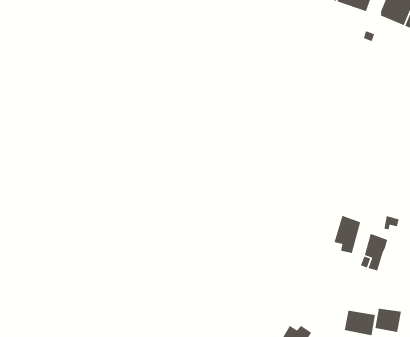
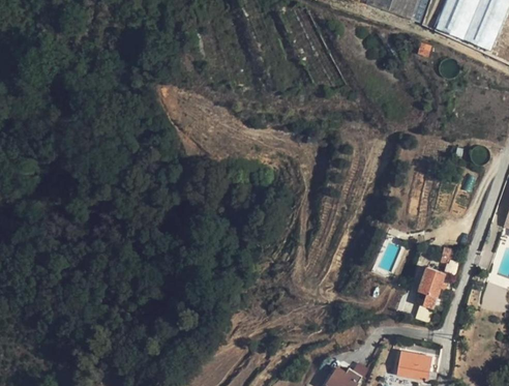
building: [333,215,361,254] -> none
building: [375,308,402,333] -> none

